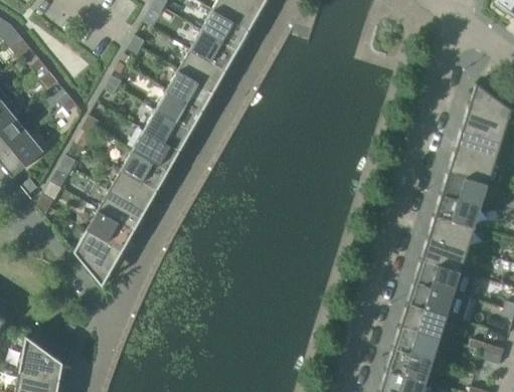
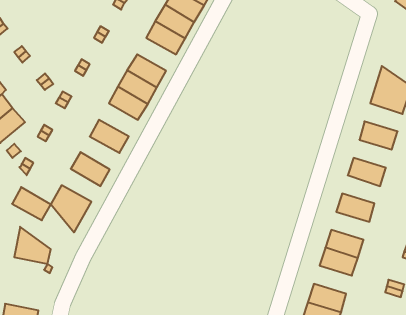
building: [179,49,226,89] -> none
building: [133,129,180,169] -> none
building: [455,129,501,163] -> none
building: [111,169,158,209] -> none
building: [442,173,488,207] -> none
building: [88,208,135,248] -> [12,187,51,220]
building: [427,216,474,250] -> none
building: [414,260,461,295] -> none
building: [393,326,440,360] -> none
building: [19,335,63,380] -> [14,227,51,264]

